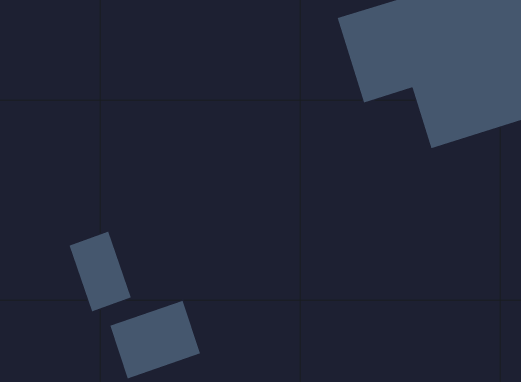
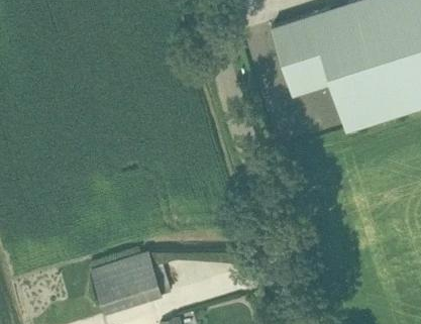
building: [69,231,132,312] -> none

